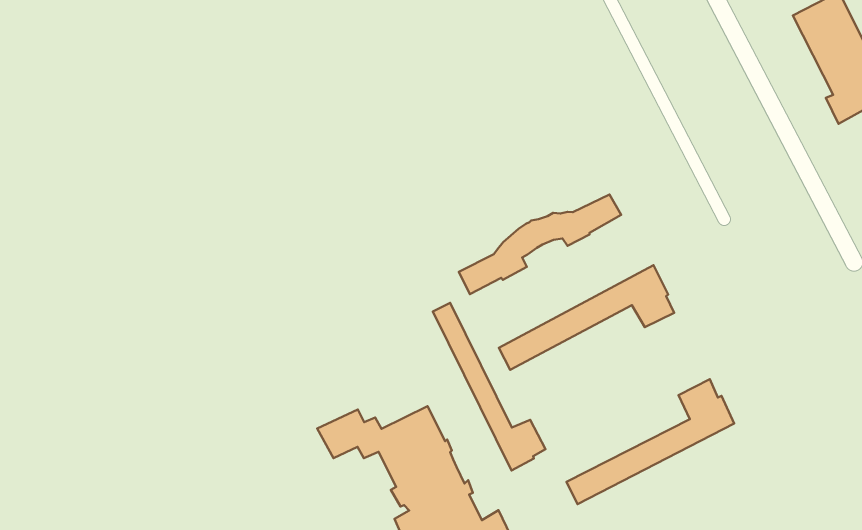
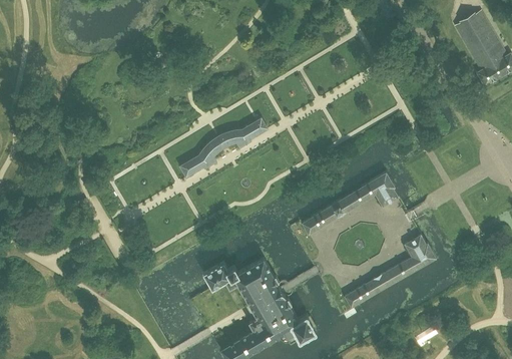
building: [459,195,621,294] -> [179,116,269,176]
building: [433,303,546,470] -> none

